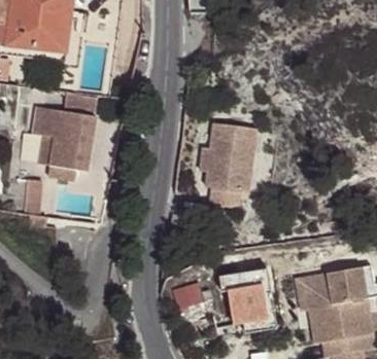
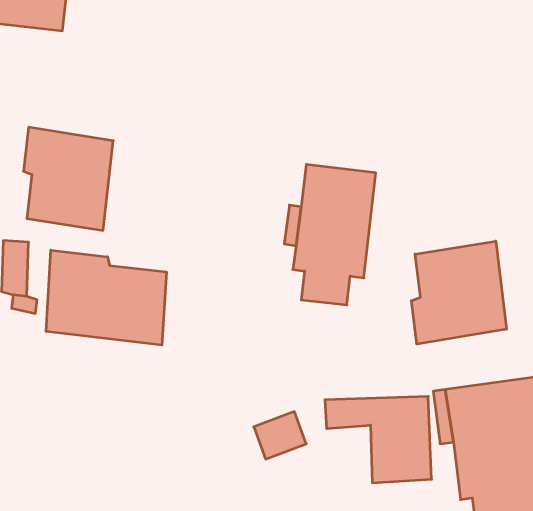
building: none -> [411,241,506,344]
building: none -> [46,250,166,345]

